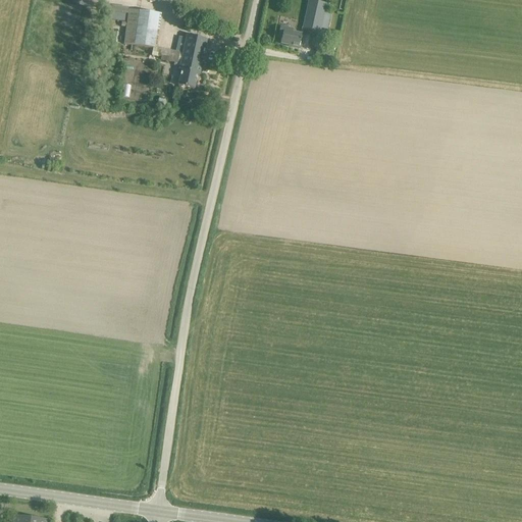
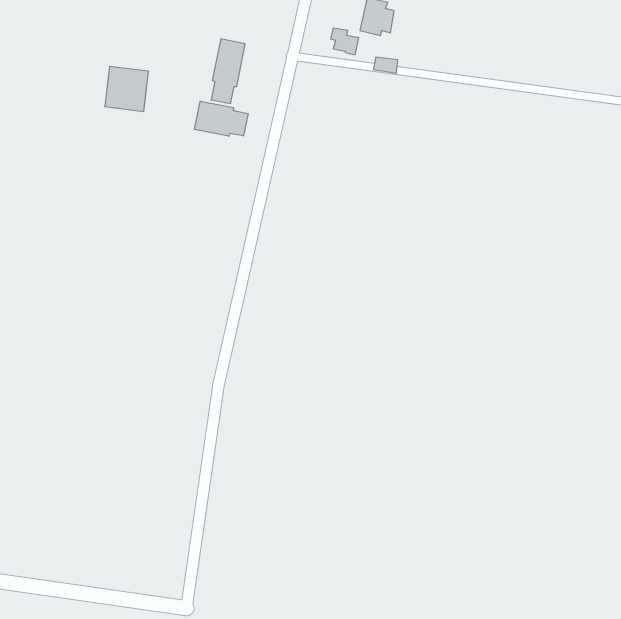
building: [121,7,158,45] -> [105,66,149,111]
building: none -> [195,101,248,136]

